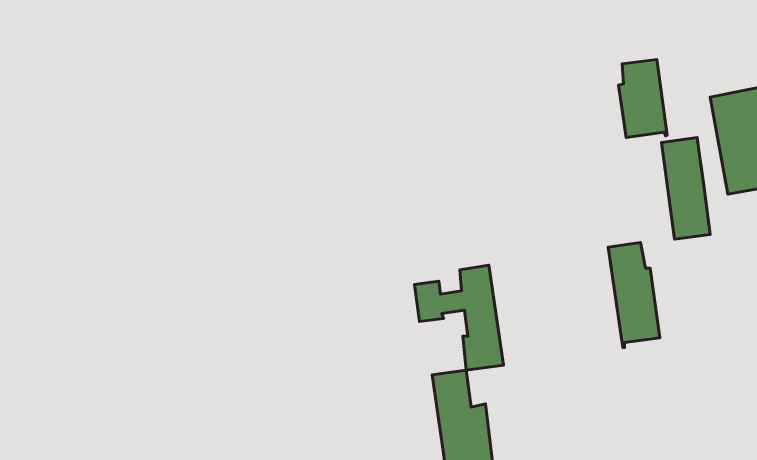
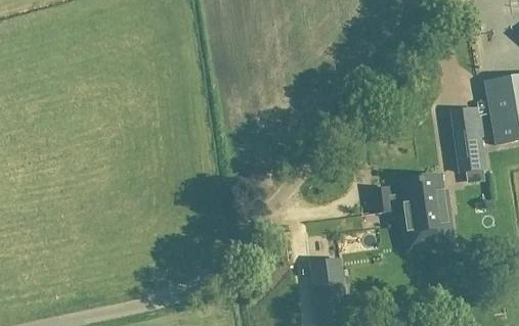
building: [619,59,667,138] -> none
building: [415,265,503,370] -> [372,177,428,243]

